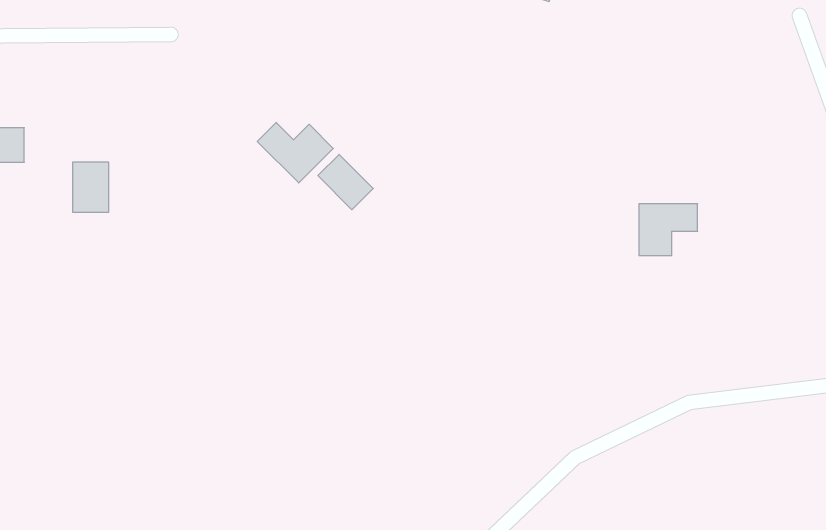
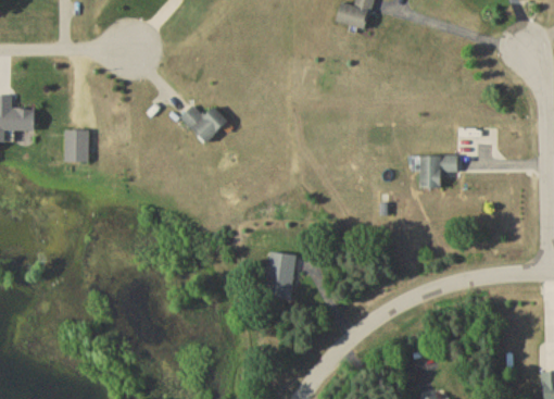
building: [318,154,373,210] -> none
building: none -> [265,252,294,299]

